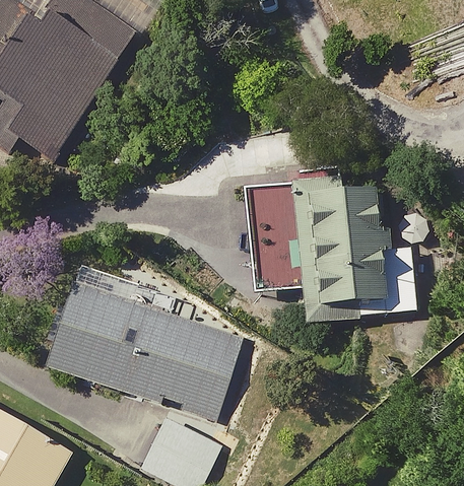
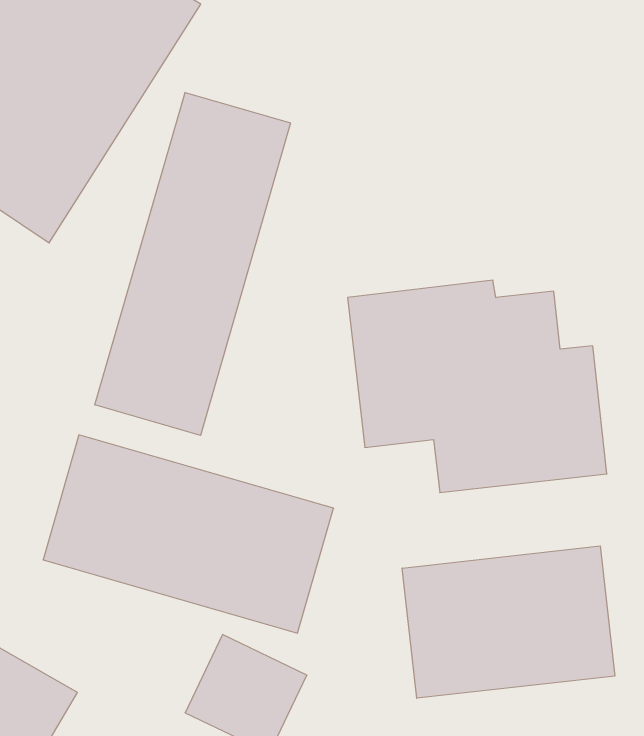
building: none -> [95,92,291,435]
building: none -> [402,546,615,698]

